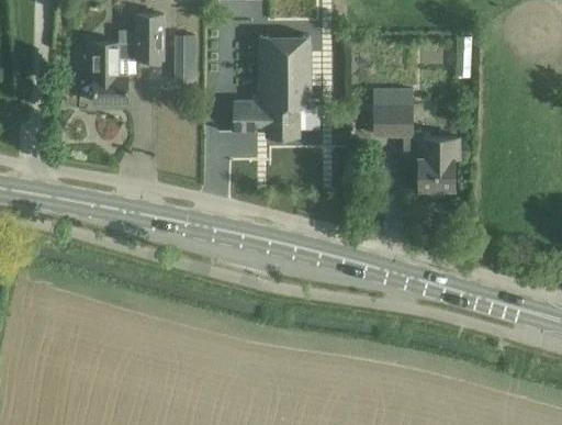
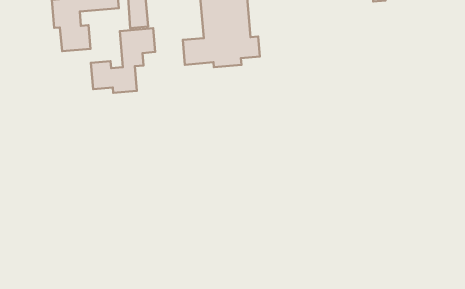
building: none -> [91,28,155,93]
building: [373,102,461,189] -> none

